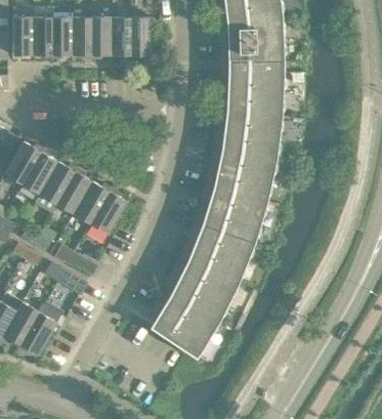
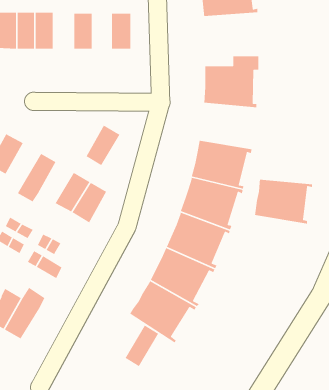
building: [73,15,93,54] -> none
building: [113,16,132,54] -> none
building: [227,16,285,71] -> none
building: [222,110,283,157] -> [254,179,313,224]
building: [24,151,59,194] -> none
building: [57,170,93,213] -> [86,125,120,166]
building: none -> [124,325,159,367]

